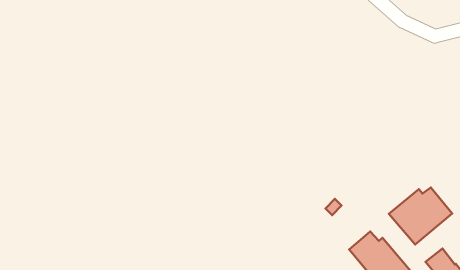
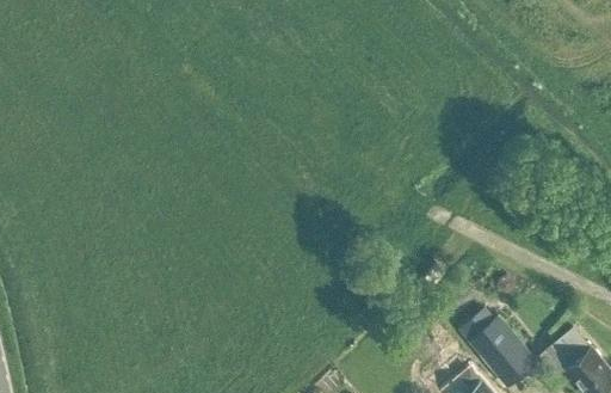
building: [389,187,452,244] -> none

